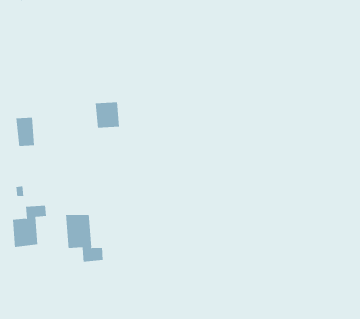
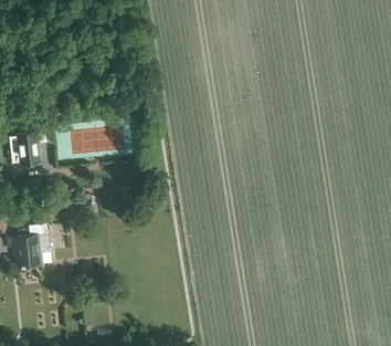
building: none -> [71,124,92,146]
building: [66,214,103,263] -> none

